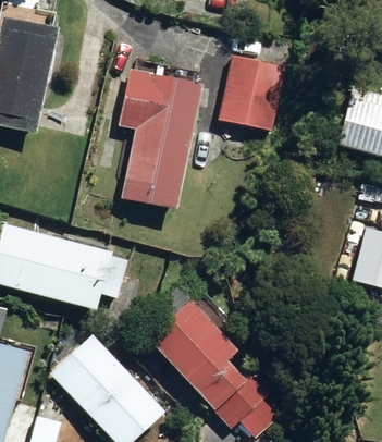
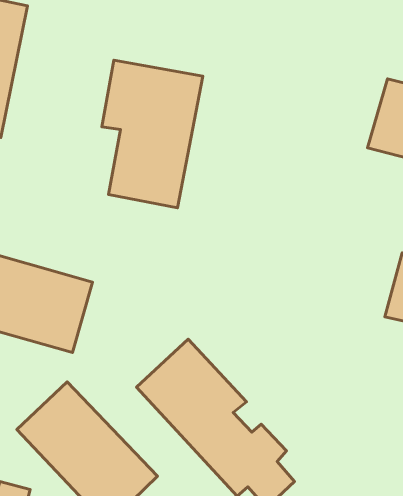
building: [220,53,285,131] -> none

